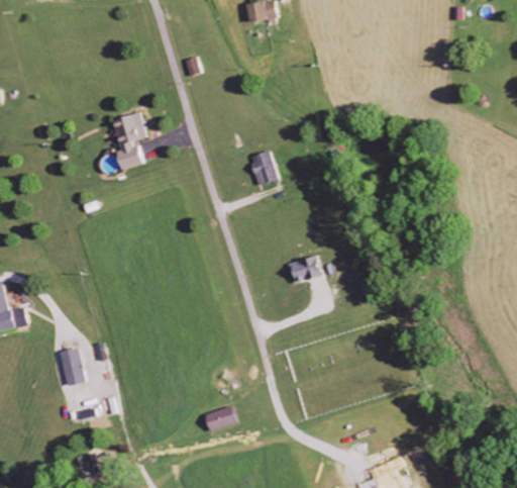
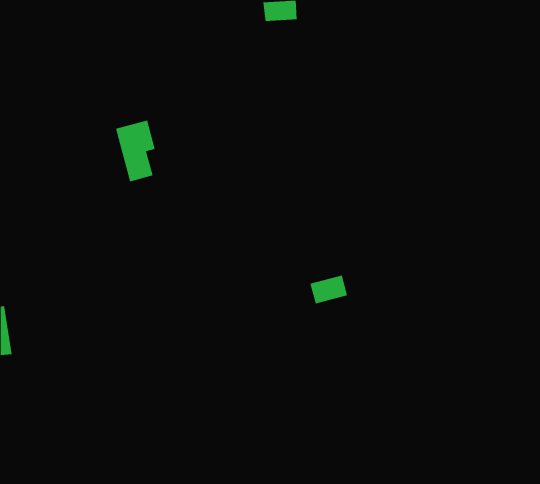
building: [251,152,278,185] -> none
building: [62,349,85,385] -> none
building: [203,408,234,431] -> none

